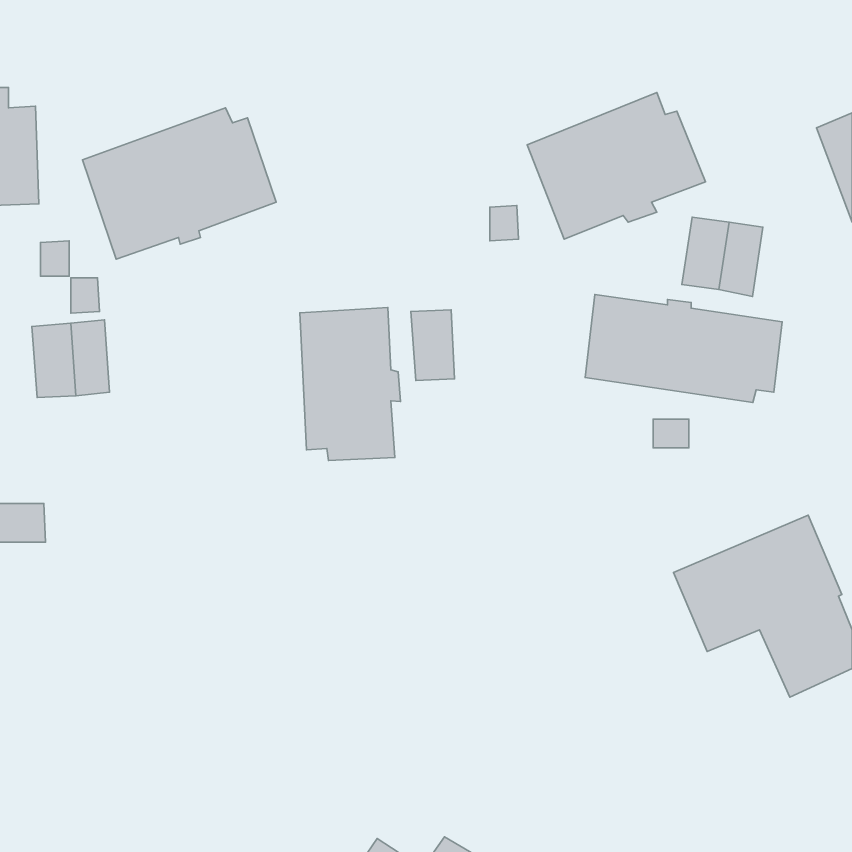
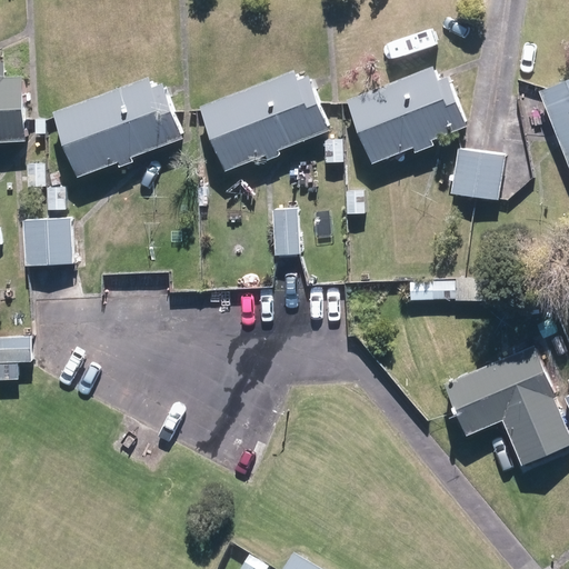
building: none -> [200,70,329,170]
building: [585,295,782,403] -> none
building: [300,308,401,460] -> none

